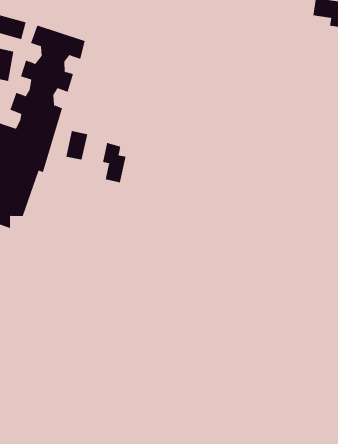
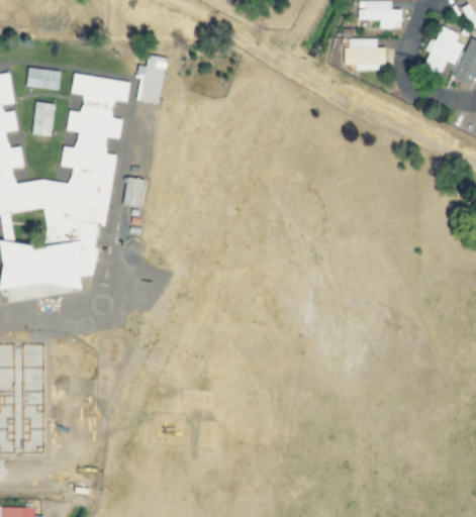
building: none -> [138,56,169,104]
building: none -> [347,38,388,71]
building: [102,142,126,183] -> none

